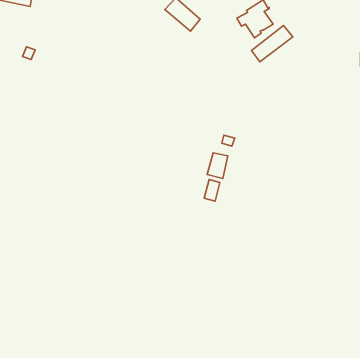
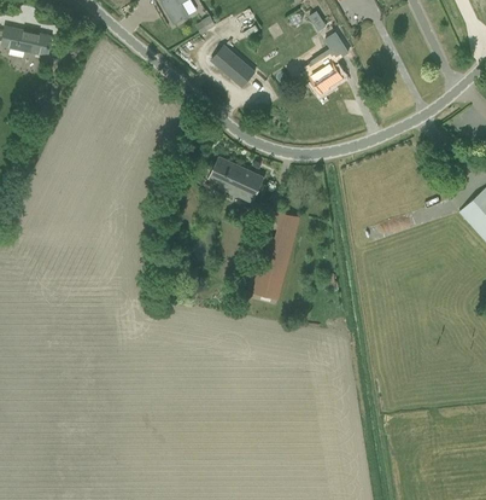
building: [252,26,293,62] -> none
building: none -> [209,156,264,203]

